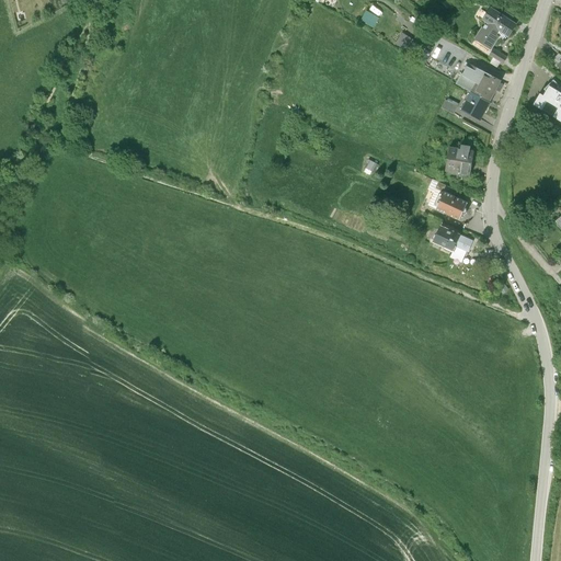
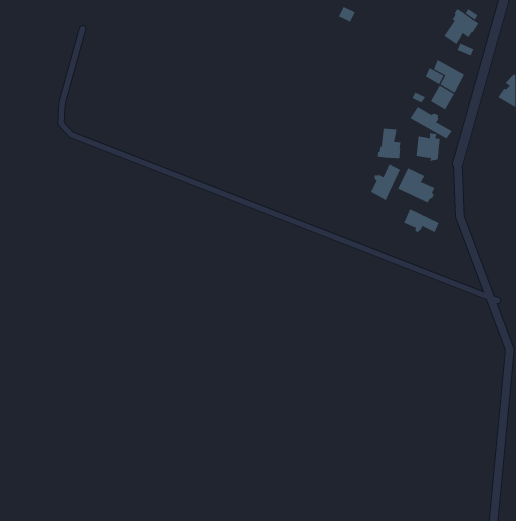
building: none -> [410,106,453,139]
building: none -> [377,128,401,159]
building: none -> [370,163,401,201]

